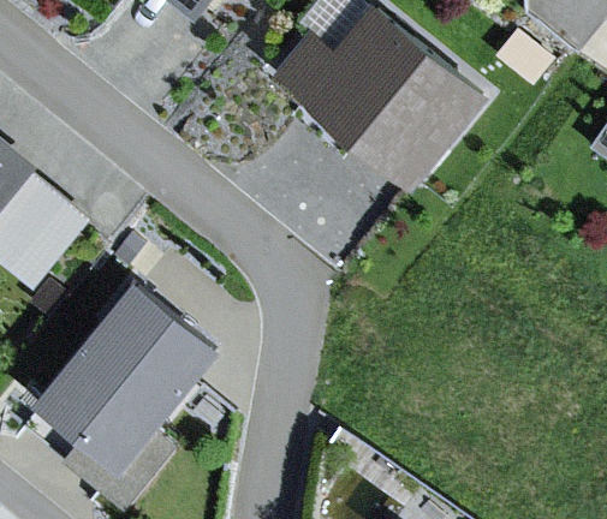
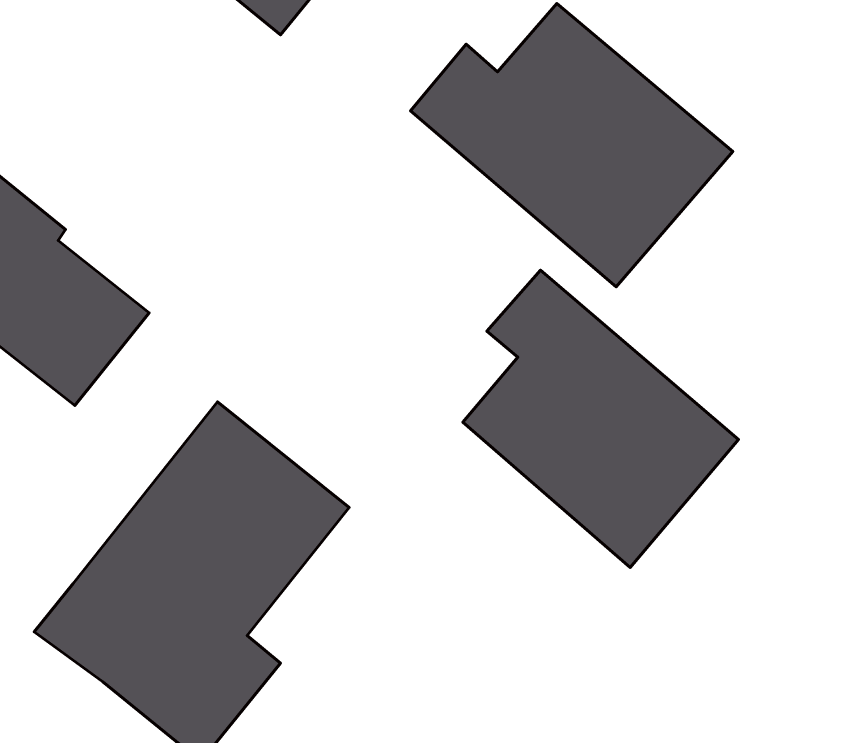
building: none -> [463,270,739,567]

